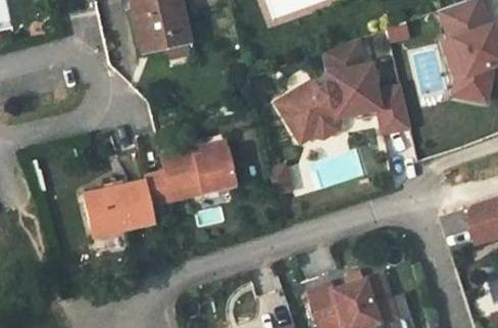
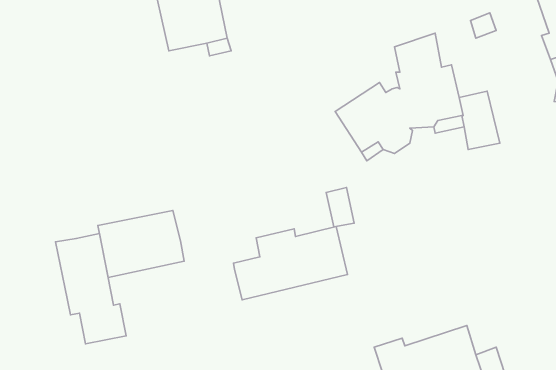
building: [145,147,237,206] -> [233,226,347,300]
building: none -> [56,233,126,344]

